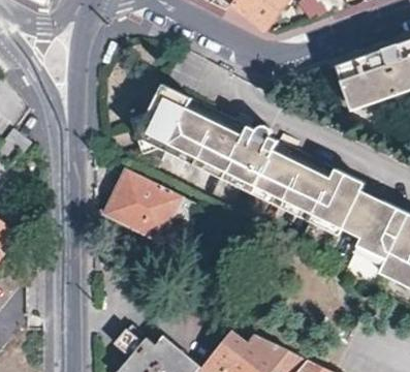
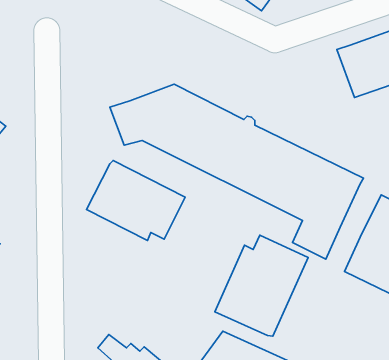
building: [339,188,377,238] -> none
building: none -> [215,235,308,336]

